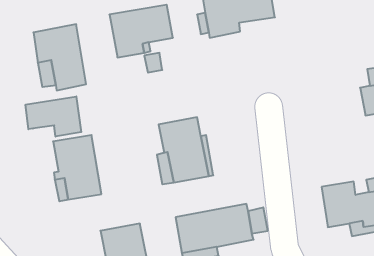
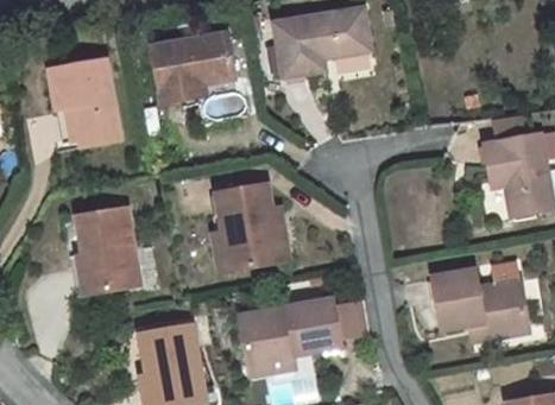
building: [26,96,81,137] -> none

